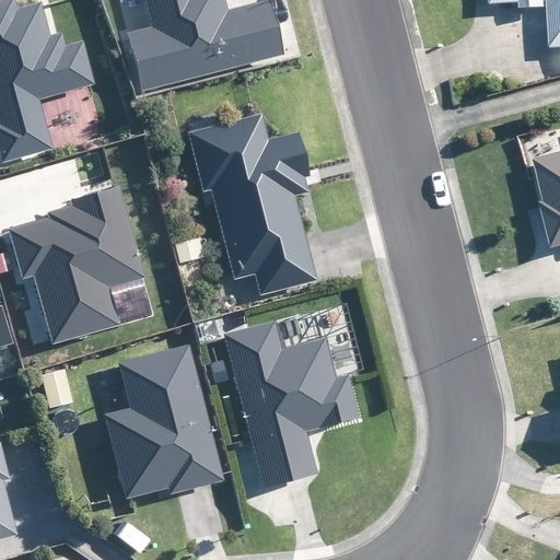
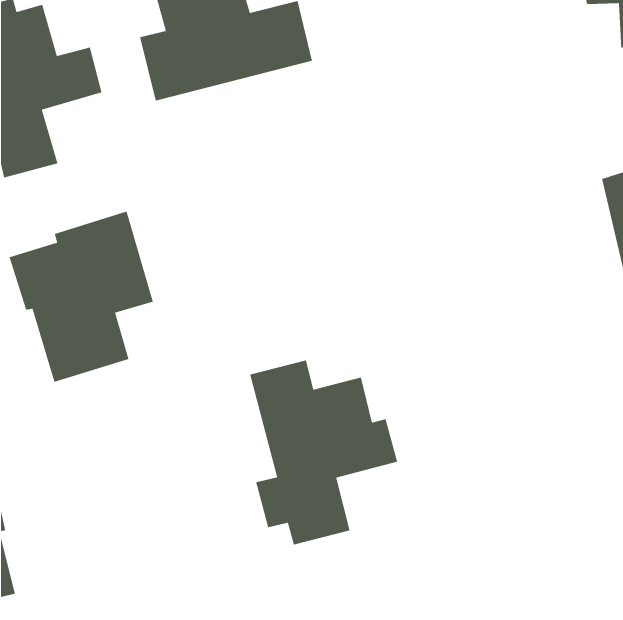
building: [195,115,312,290] -> none
building: [105,346,221,497] -> none

